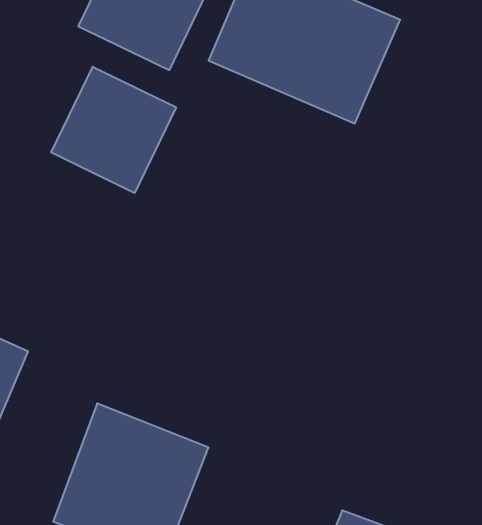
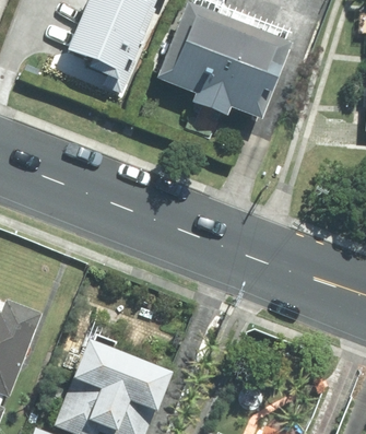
building: [51,67,176,193] -> none

